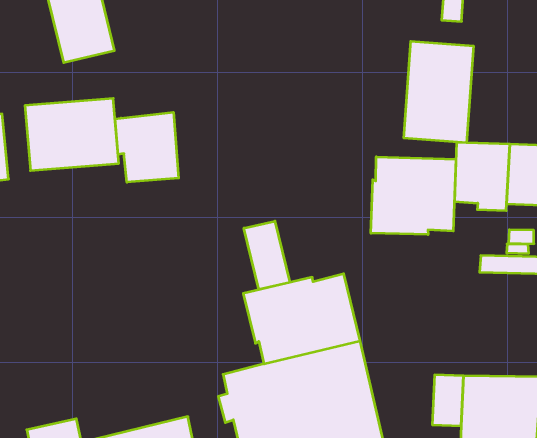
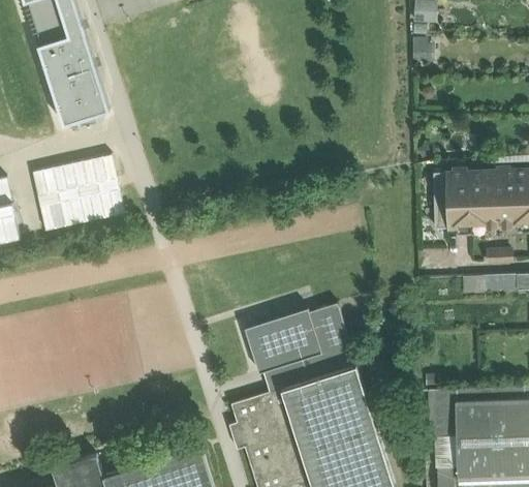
building: [404,41,473,143] -> none
building: [115,112,179,182] -> none
building: [371,157,456,235] -> none
building: [244,221,290,290] -> none

